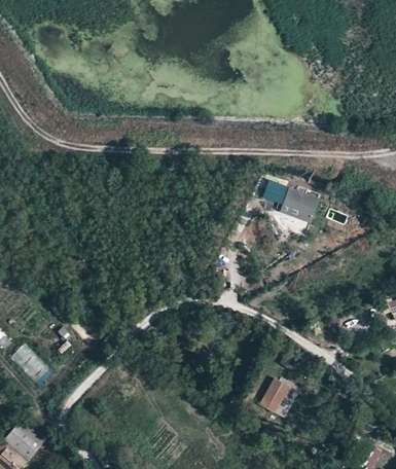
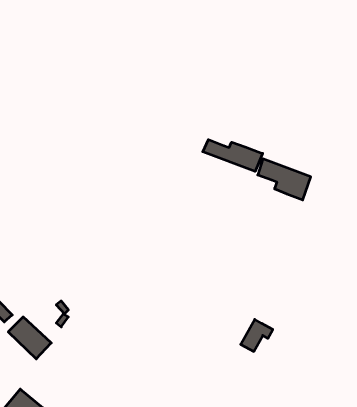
building: none -> [203,140,263,171]
building: [262,381,295,413] -> [241,319,273,351]

